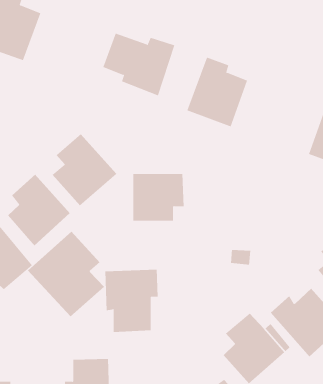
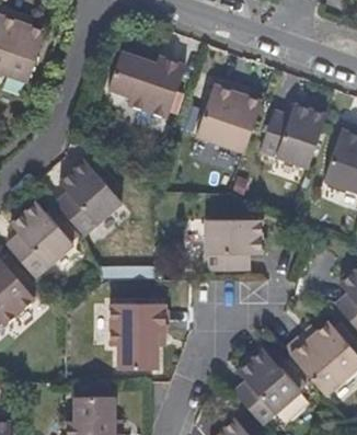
building: none -> [262,105,324,169]
building: [132,174,184,221] -> [206,219,261,270]
building: [27,231,105,317] -> none

